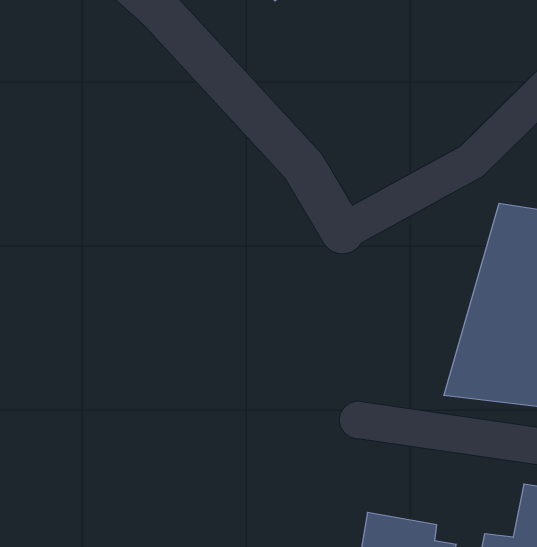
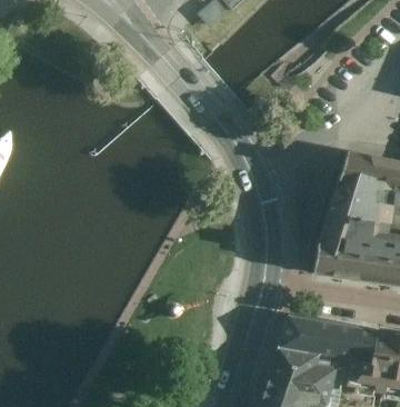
building: none -> [267,314,364,364]

